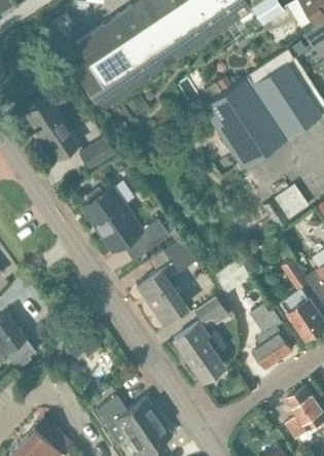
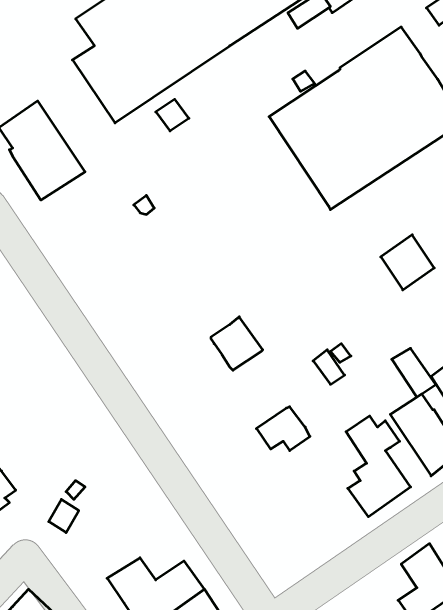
building: [79,137,114,169] -> none
building: [80,186,169,256] -> none
building: [136,265,190,324] -> none
building: [172,322,221,381] -> none

